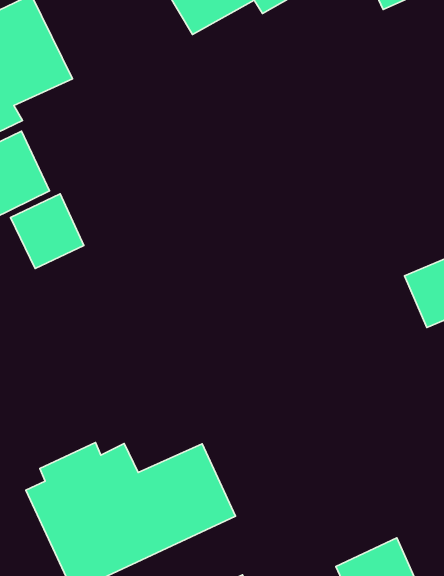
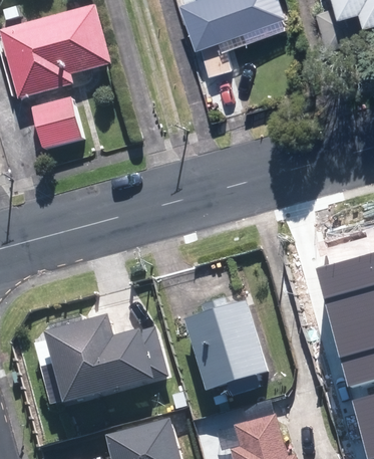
building: [10,194,84,268] -> none
building: none -> [181,297,270,393]

